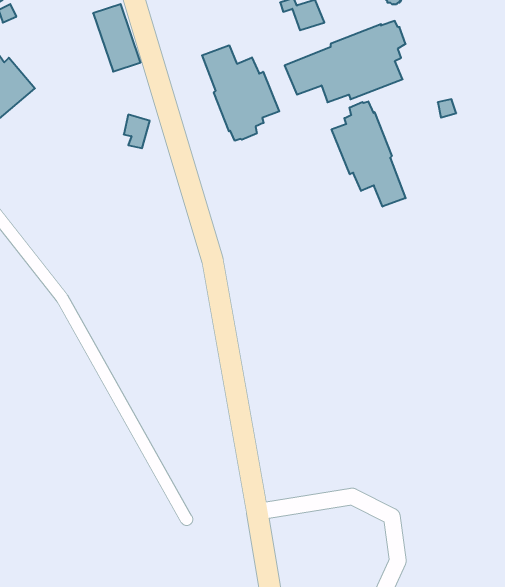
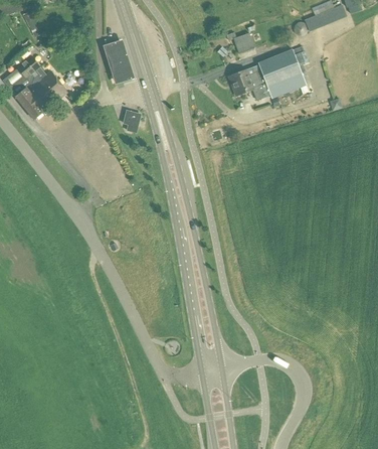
building: [202,45,279,141] -> none
building: [332,101,406,207] -> none

